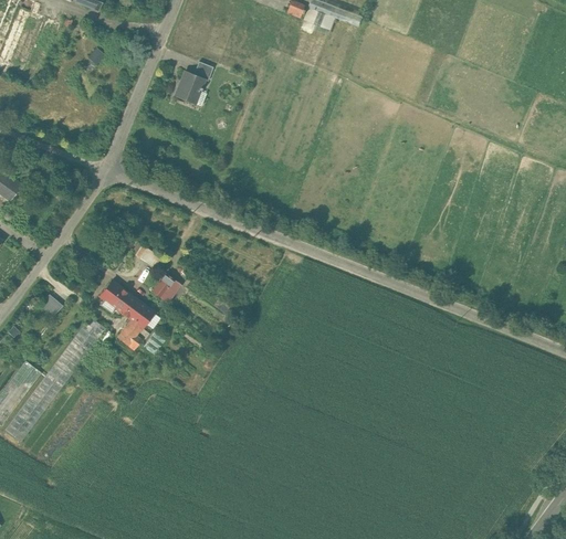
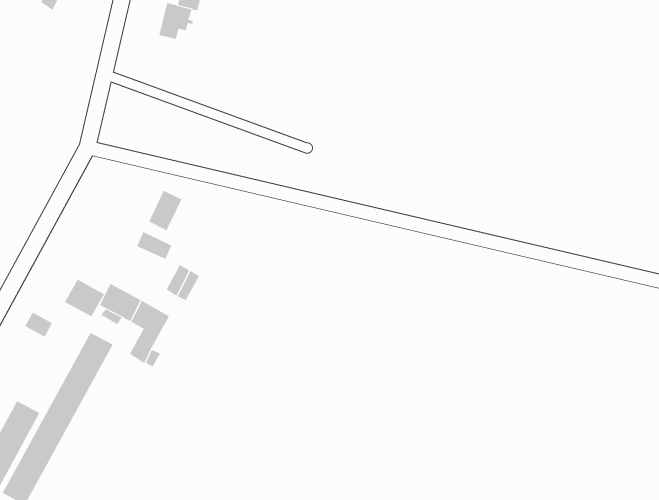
building: none -> [148,190,182,231]
building: none -> [64,279,105,317]

